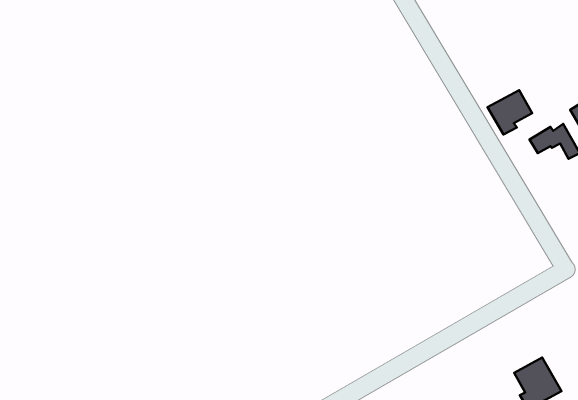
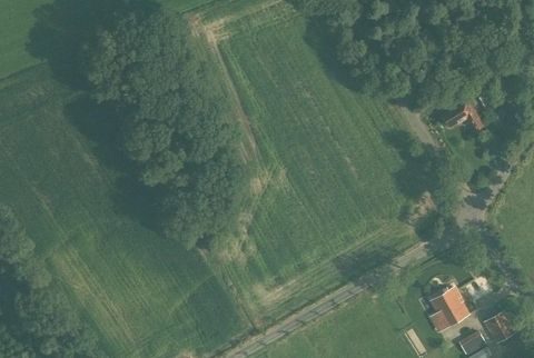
building: [488,90,532,135] -> none

